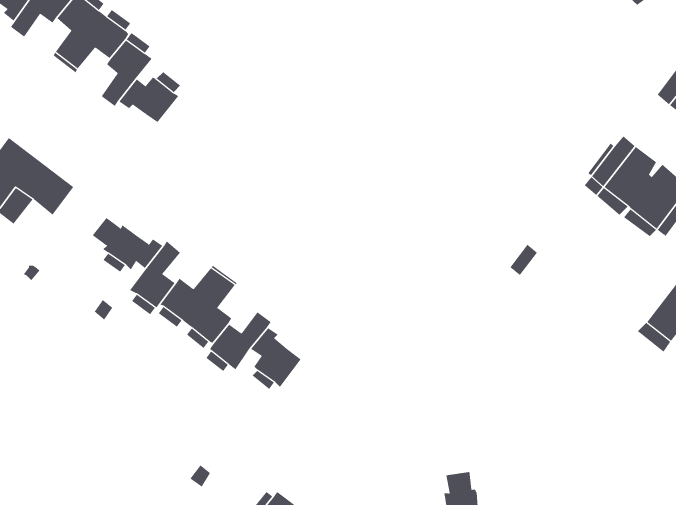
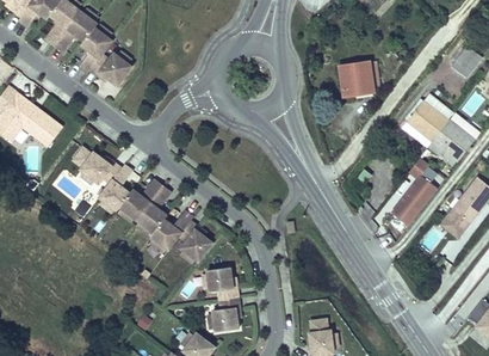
building: none -> [339,61,379,96]
building: none -> [391,158,438,226]
building: none -> [203,268,235,333]

